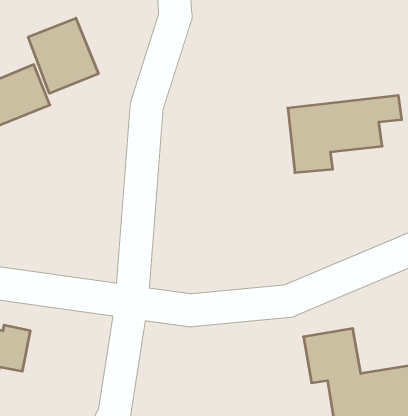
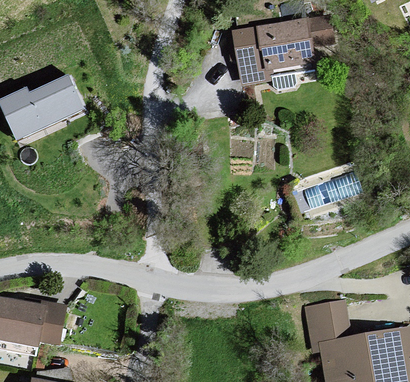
building: [28,18,98,93] -> none
building: [288,95,402,173] -> [232,20,331,87]

